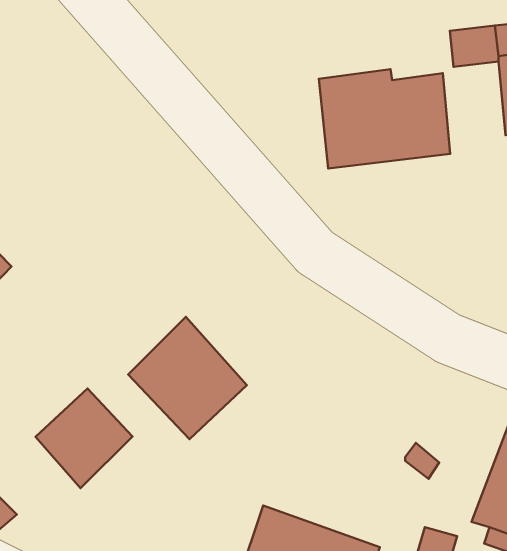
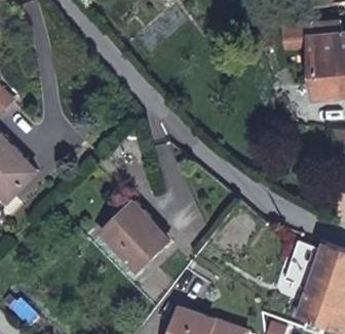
building: [319,69,450,168] -> none
building: [35,388,133,488] -> none

